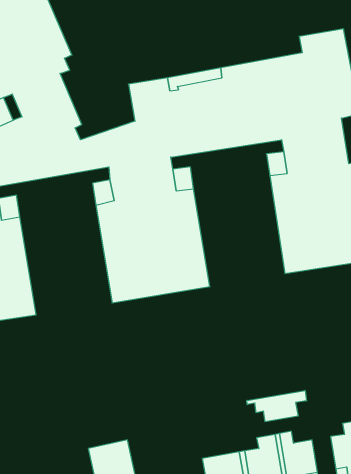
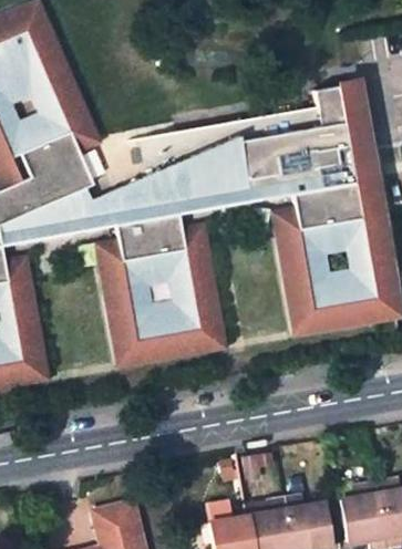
building: [247,390,307,422] -> none

